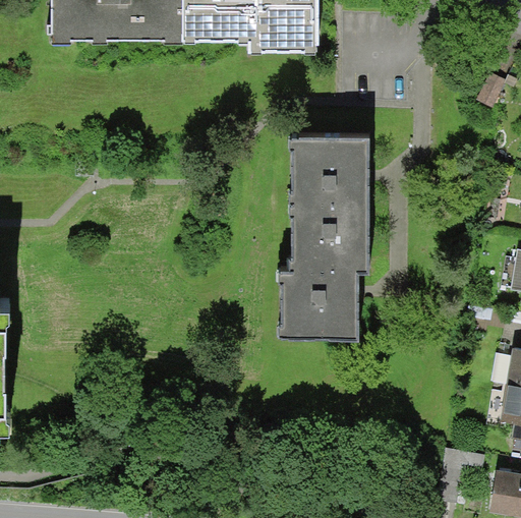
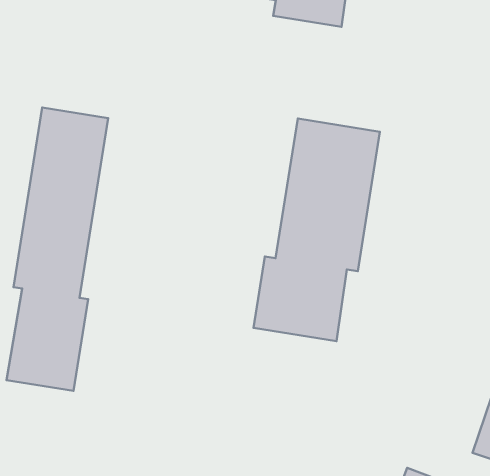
building: none -> [7,108,108,391]

